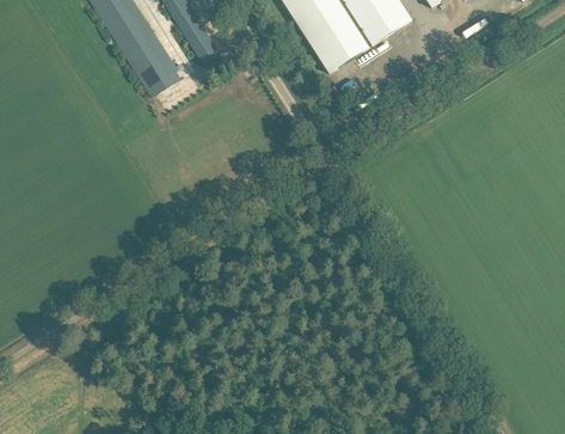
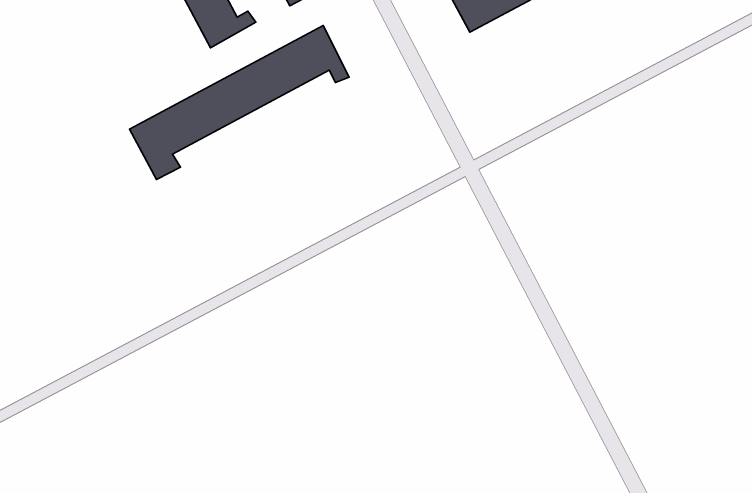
building: none -> [130,25,349,180]

